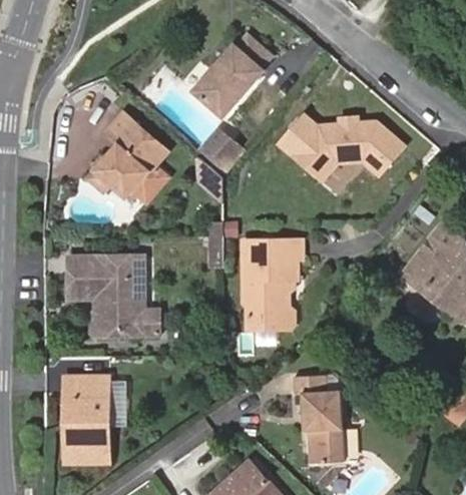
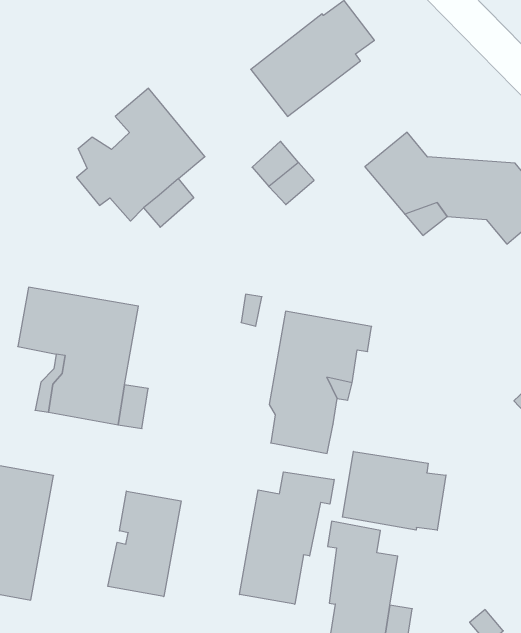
building: none -> [342,451,446,530]
building: none -> [240,472,334,604]
building: none -> [108,491,181,597]

